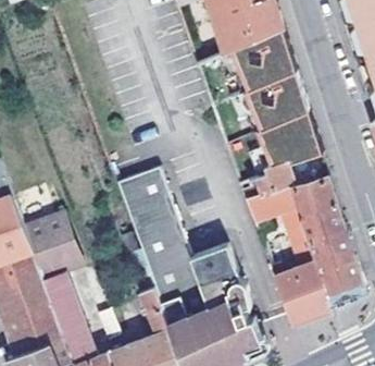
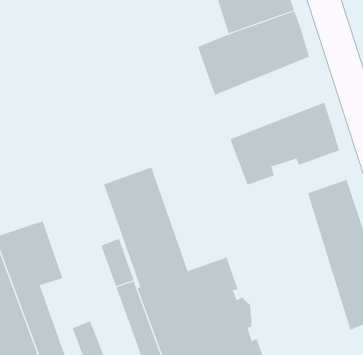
building: [214,72,310,144] -> none
building: [247,182,332,325] -> none

